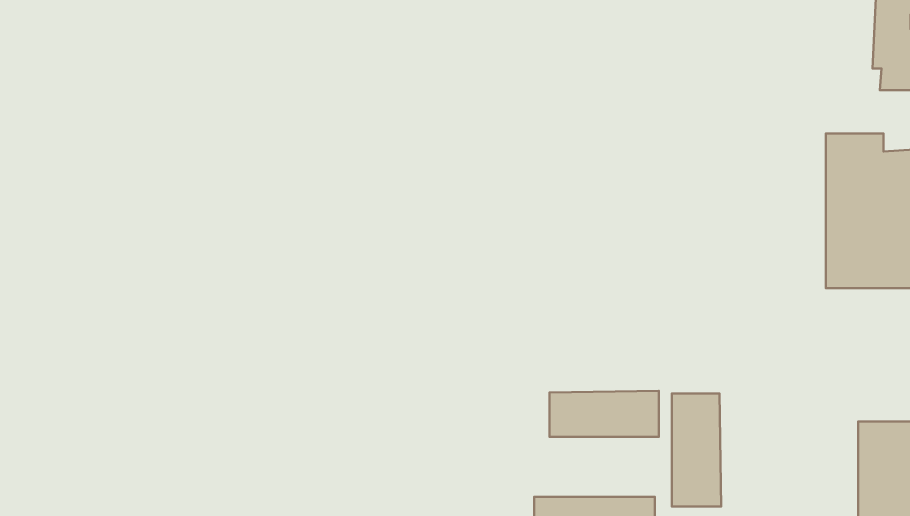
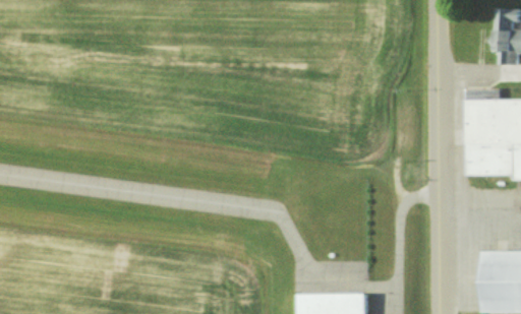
building: [550,391,659,437] -> none
building: [672,393,721,507] -> none

